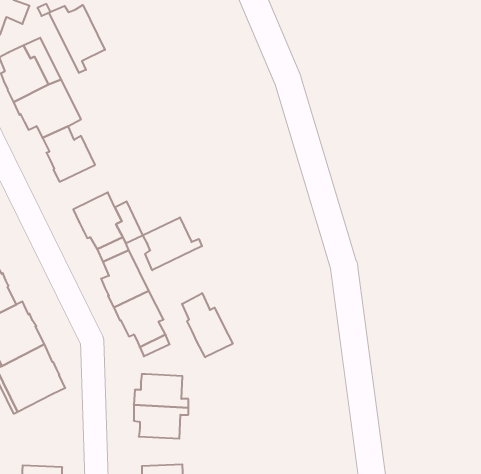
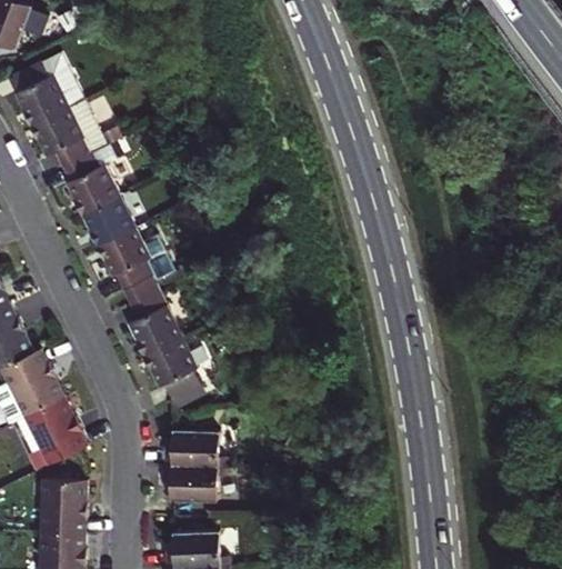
building: [49,5,105,73] -> none
building: none -> [82,194,136,244]
building: [143,217,202,270] -> none
building: [182,293,233,357] -> none
building: none -> [40,478,87,533]

